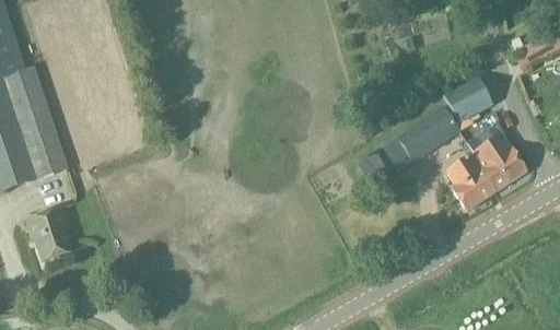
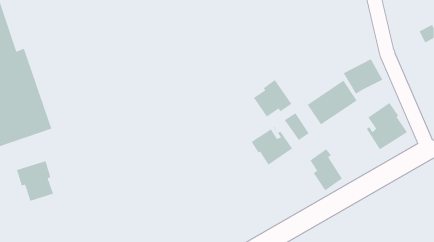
building: none -> [253,79,292,117]
building: [445,155,488,210] -> [309,148,343,191]
building: none -> [251,126,293,166]

